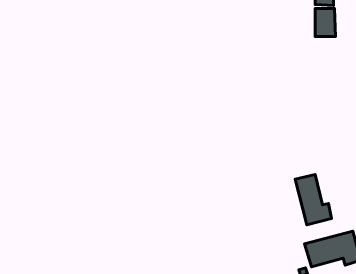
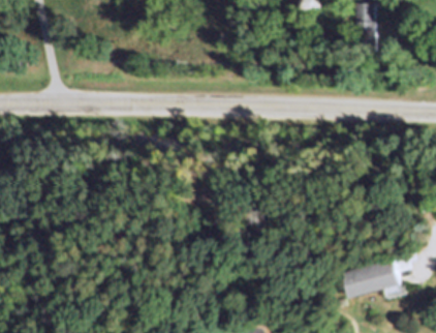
building: [295,175,332,225] -> none

